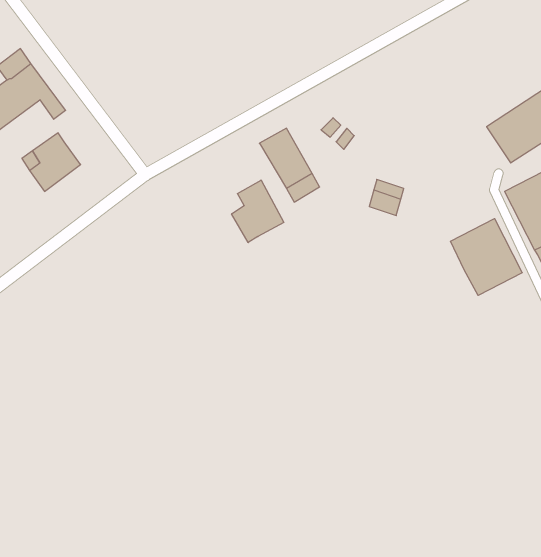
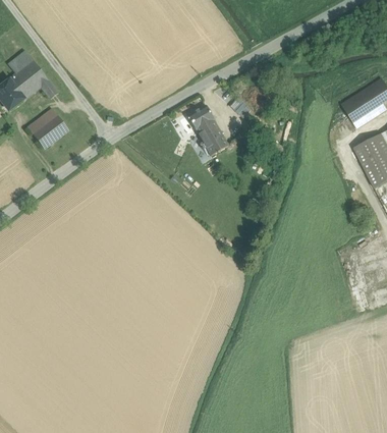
building: [232,180,284,243] -> none
building: [450,219,522,295] -> none

